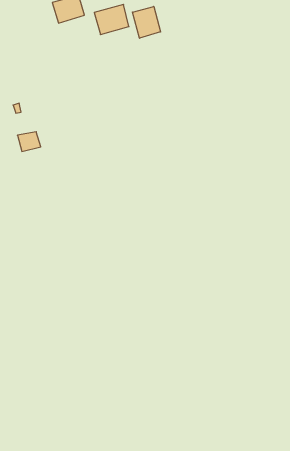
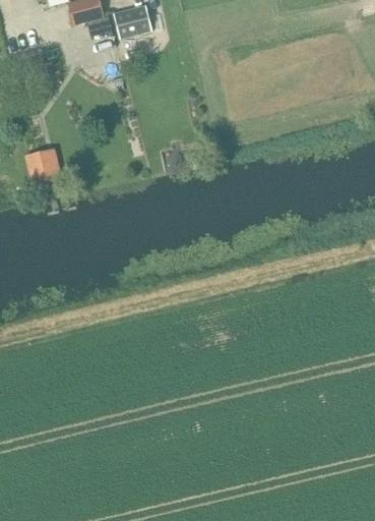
building: [132,6,161,38] -> none

